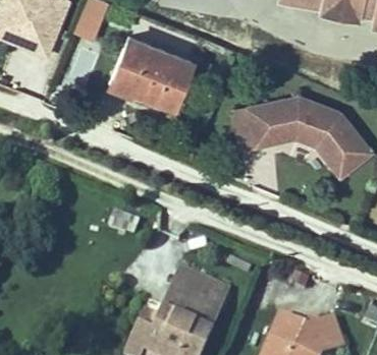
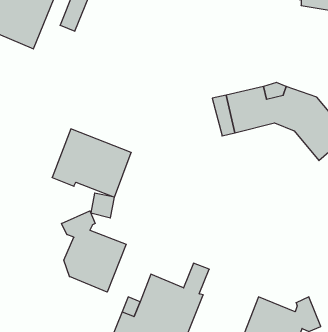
building: [110,40,192,110] -> [52,129,131,197]
building: none -> [62,211,126,292]
building: [168,269,212,307] -> none

